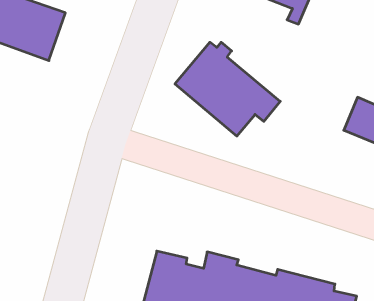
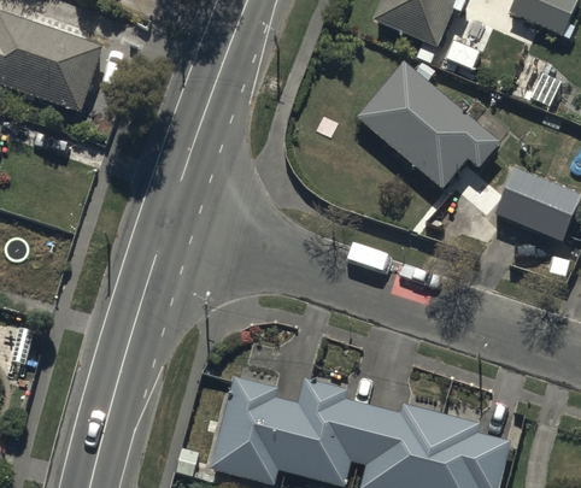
building: [175,42,280,136] -> [356,59,501,189]

